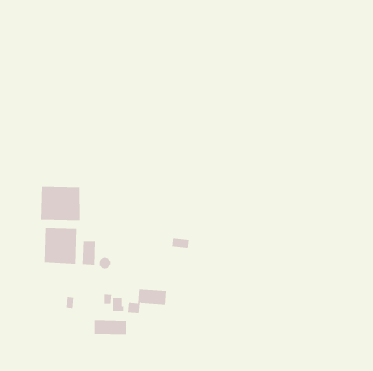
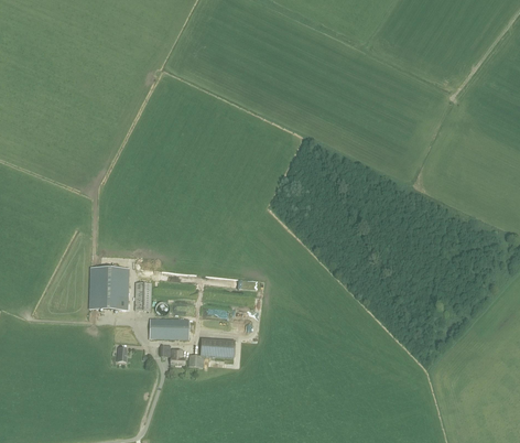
building: [41,186,80,221] -> none
building: [94,320,127,335] -> [149,320,187,337]

